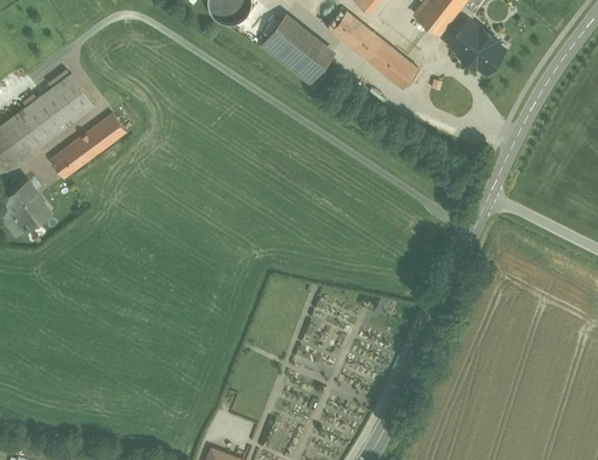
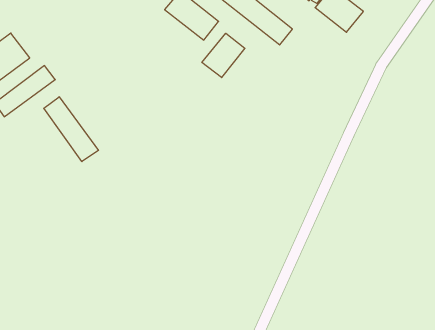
building: none -> [202,33,245,78]
building: none -> [44,97,98,162]

